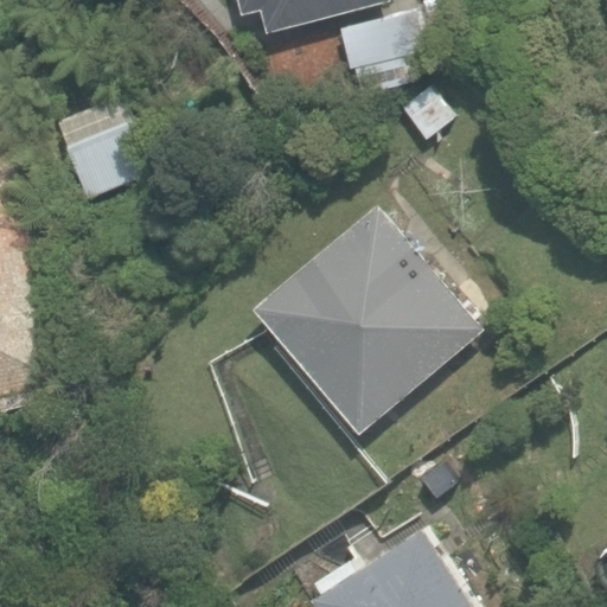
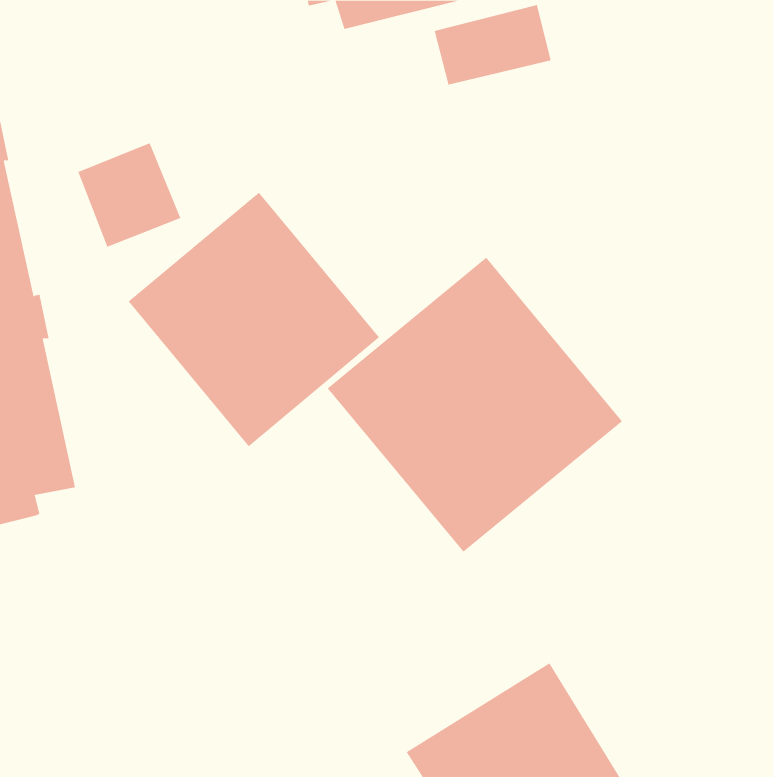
building: none -> [128,192,380,447]

